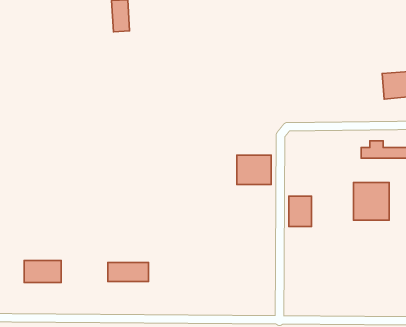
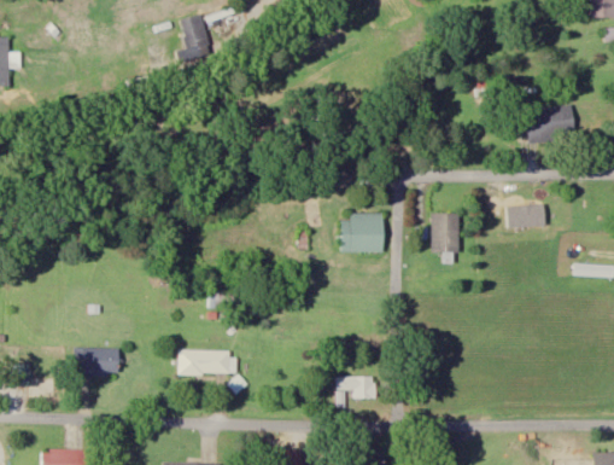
building: [354,182,389,220] -> none
building: [289,196,311,226] -> [431,214,460,252]
building: none -> [334,378,375,399]

